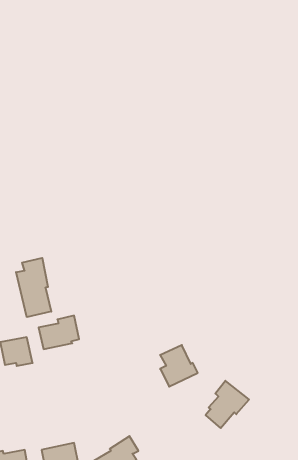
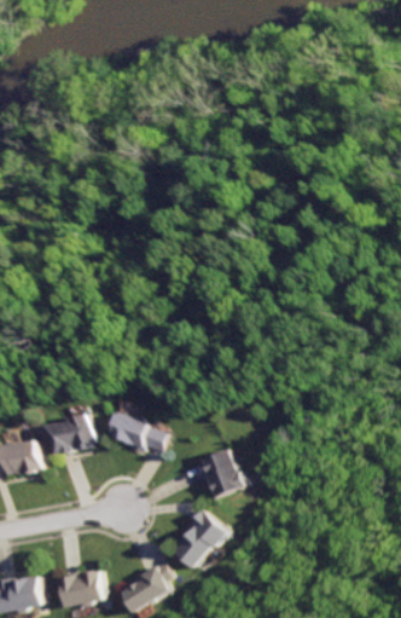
building: [16,258,51,317] -> none
building: none -> [115,412,167,451]
building: [206,381,249,428] -> [175,509,228,567]

